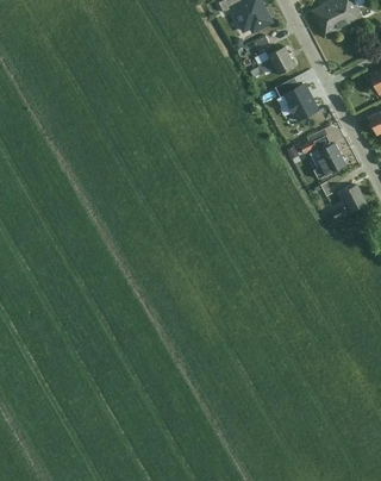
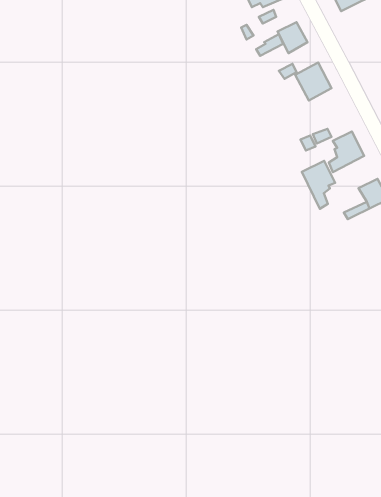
building: none -> [302,161,335,209]

